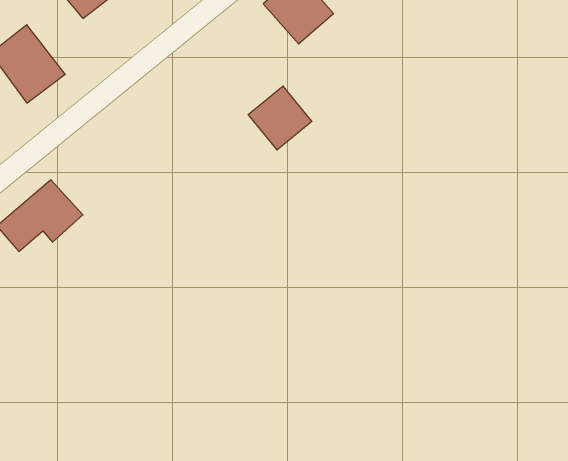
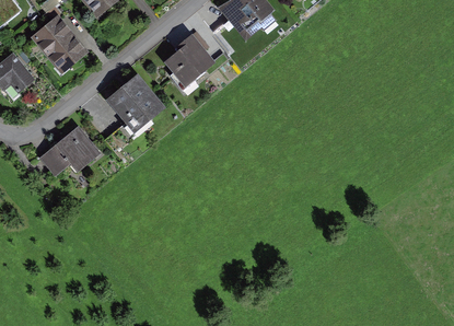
building: [248,86,312,150] -> [171,36,214,80]
building: none -> [112,77,163,129]

